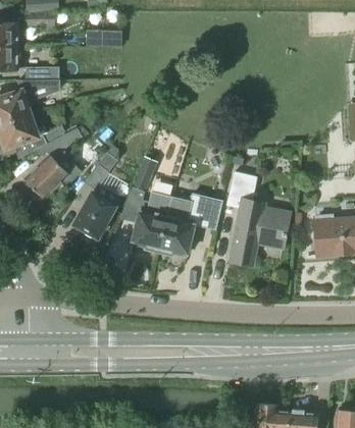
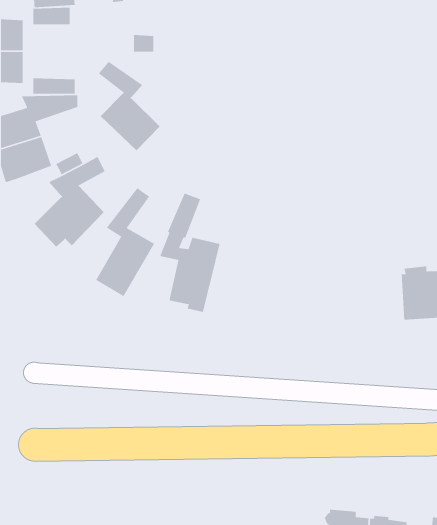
building: none -> [98,61,160,151]
building: [225,172,292,267] -> none
building: [159,194,222,254] -> none

